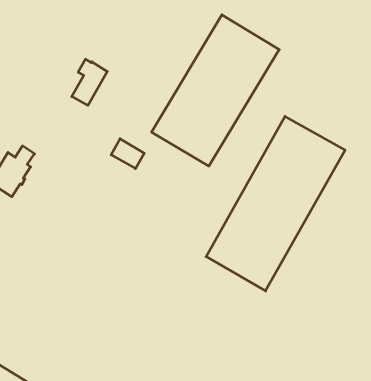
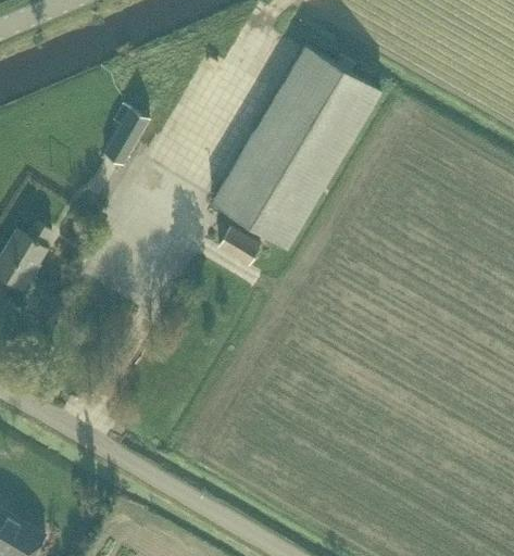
building: [206,116,345,291] -> none
building: [111,139,144,169] -> [216,229,261,269]

